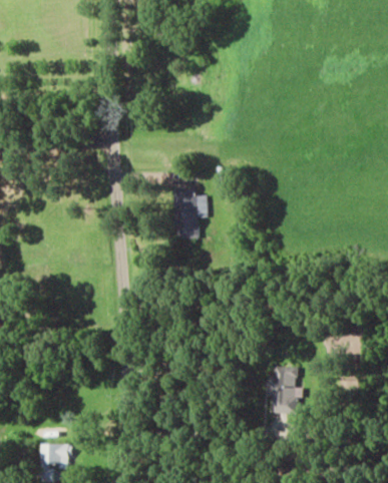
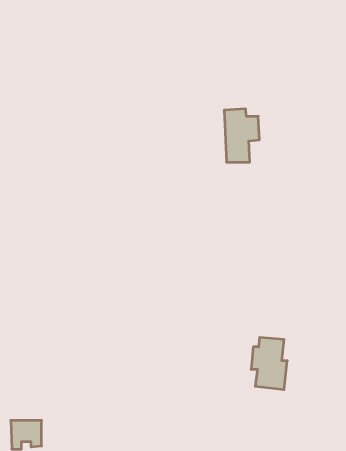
building: [175,188,209,238] -> [224,109,259,162]

